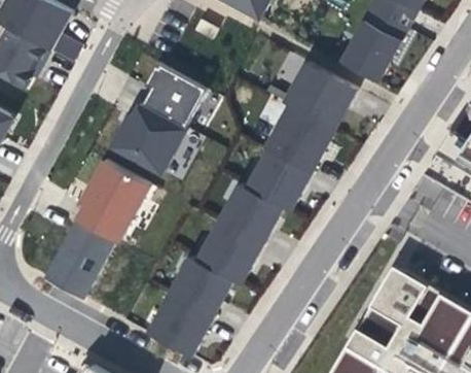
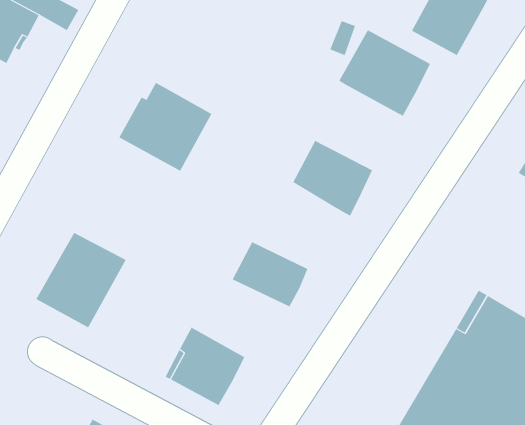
building: [143,63,206,128] -> none
building: [265,105,332,172] -> none
building: [77,161,150,242] -> none
building: [216,180,284,249] -> none
building: [169,253,236,318] -> none

